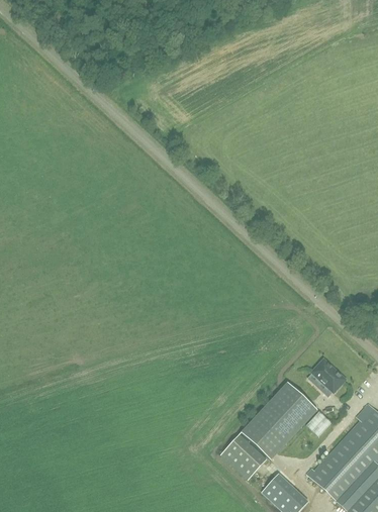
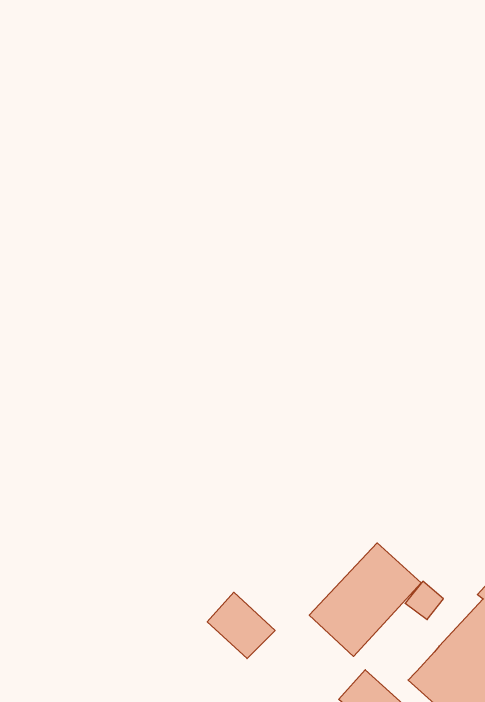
building: [310,362,345,394] -> none
building: [220,434,267,480] -> [207,592,275,659]

